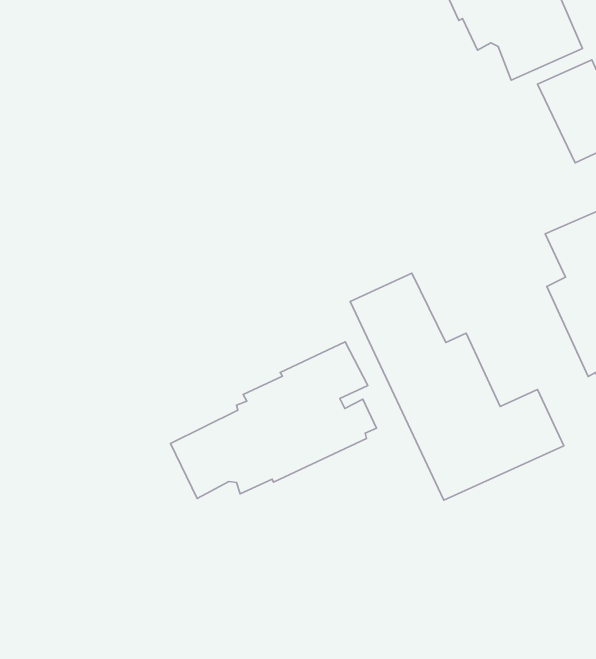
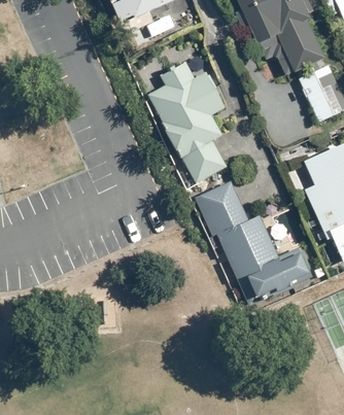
building: none -> [147,61,229,184]
building: [170,342,377,498] -> none

